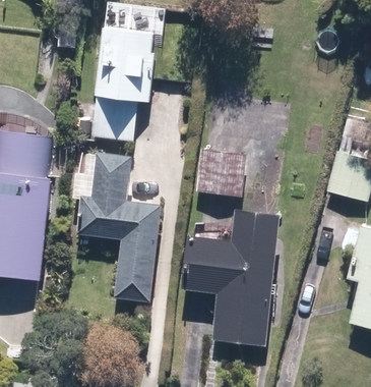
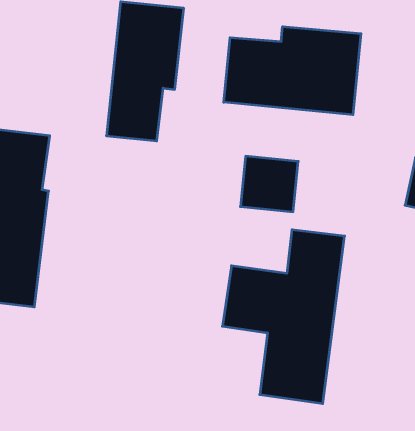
building: none -> [224,27,361,115]
building: [78,152,160,300] -> none

